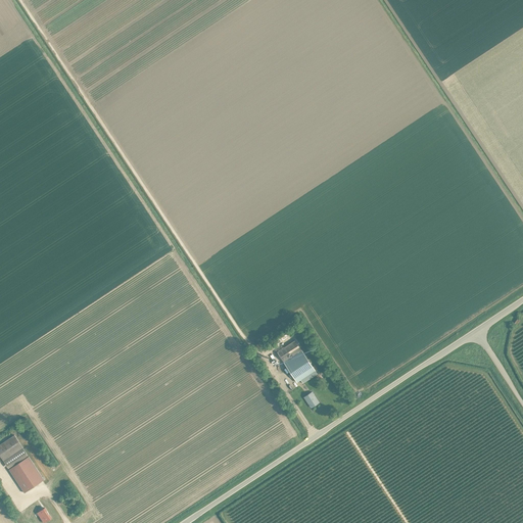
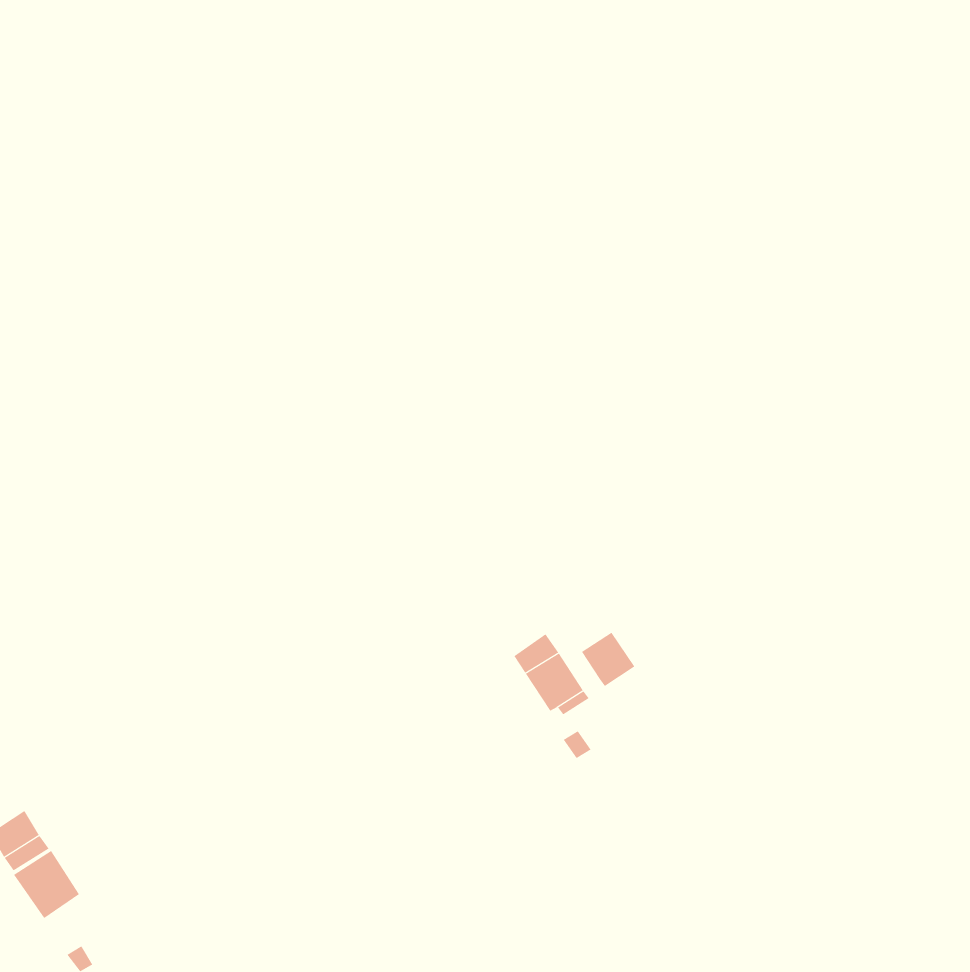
building: none -> [581,632,635,687]

